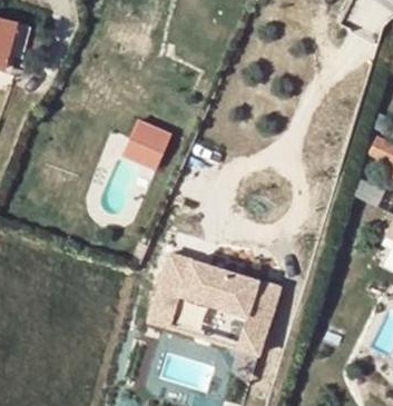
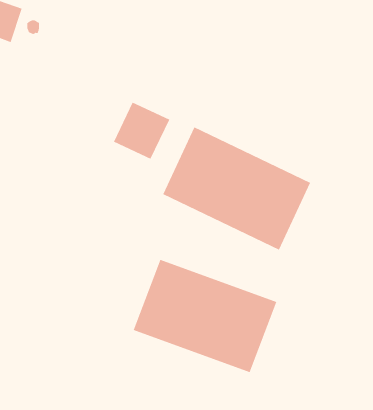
building: none -> [163,127,311,250]

